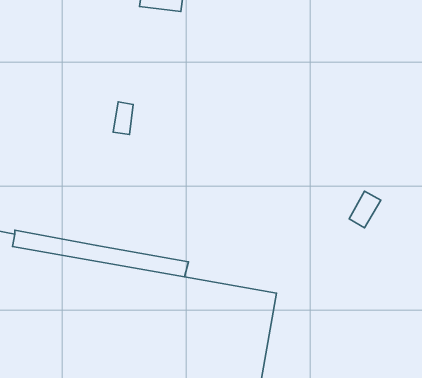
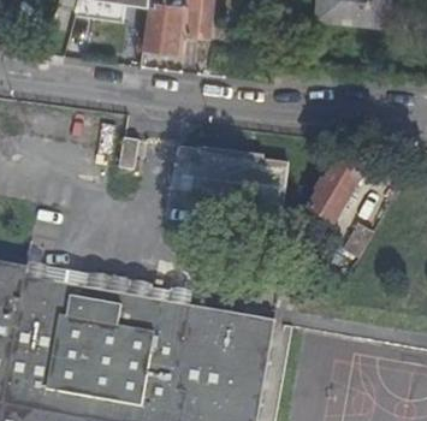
building: none -> [186,147,286,215]
building: none -> [301,162,358,226]

